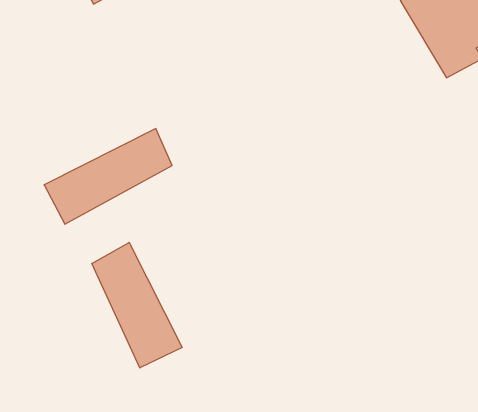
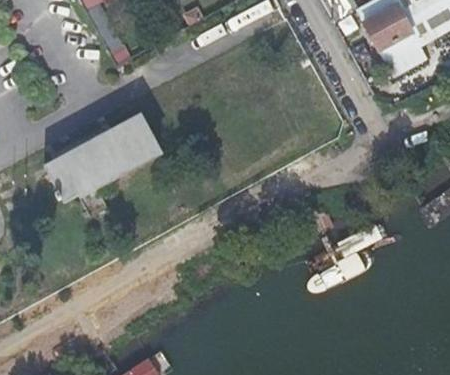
building: [92,242,182,368] -> none

